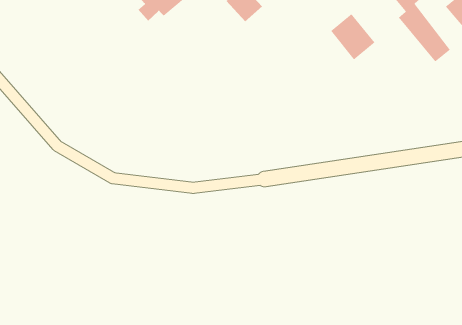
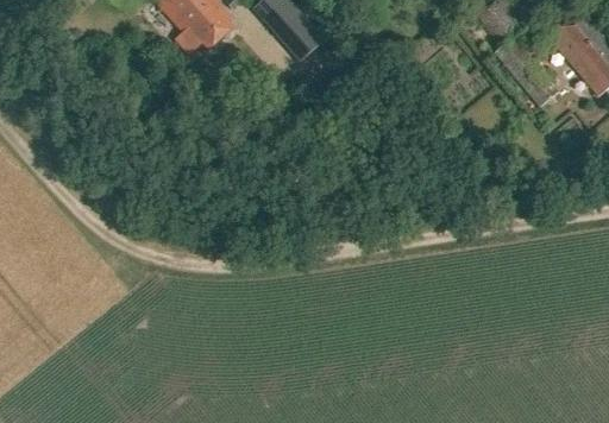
building: [330,13,375,60] -> none

